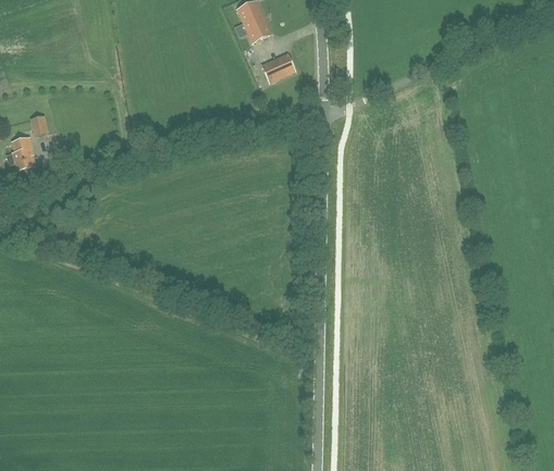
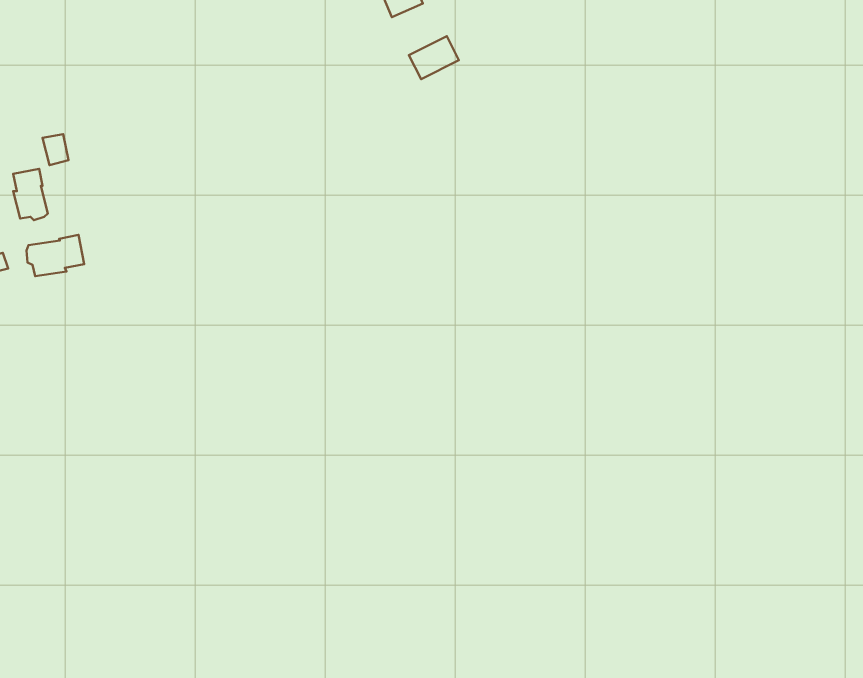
building: none -> [26,235,84,276]

